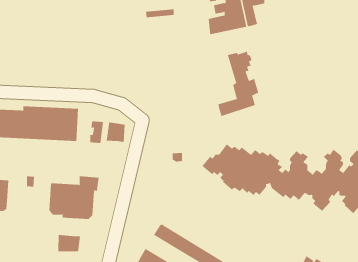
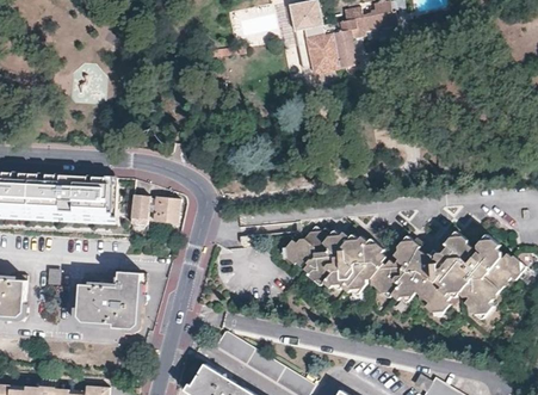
building: [218,51,259,117] -> none
building: [58,234,80,252] -> none

